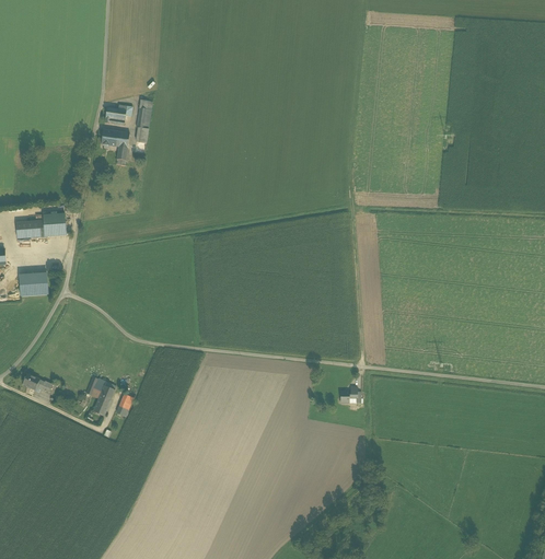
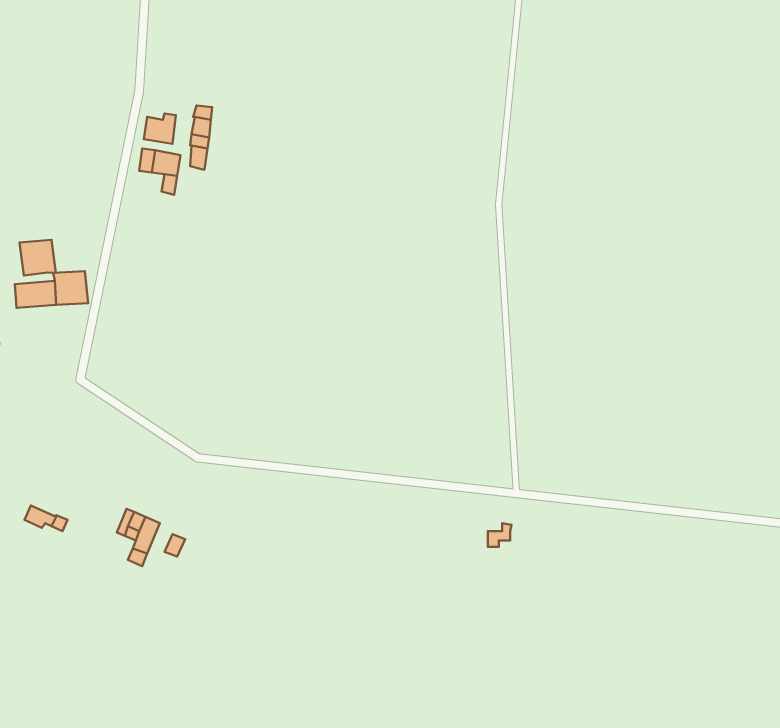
building: none -> [20,240,56,275]
building: [19,271,47,295] -> none

